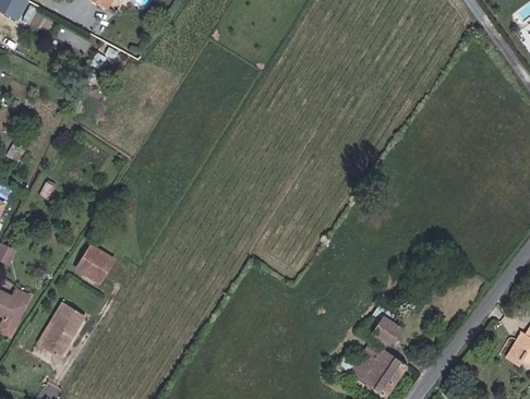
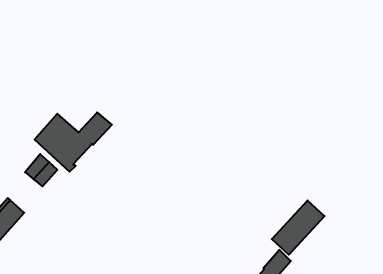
building: none -> [35,112,112,172]
building: none -> [272,200,325,255]

